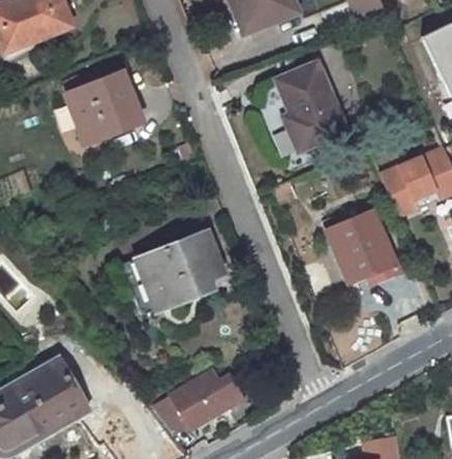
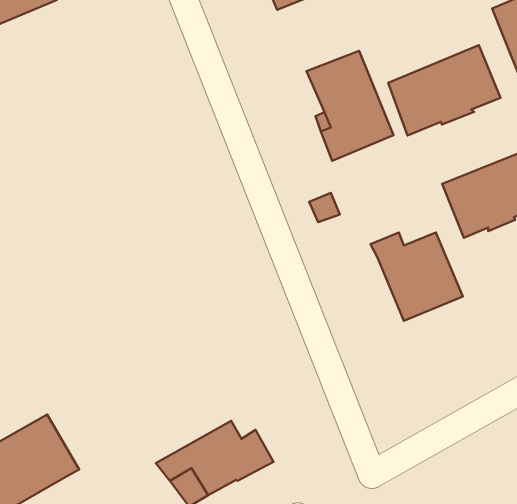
building: none -> [388,45,500,136]
building: [70,73,143,132] -> none
building: [124,230,222,310] -> none

